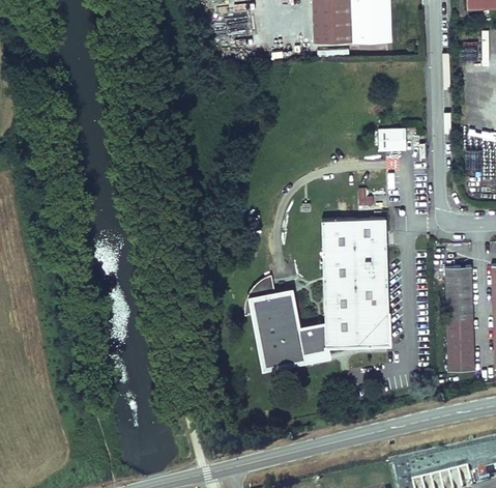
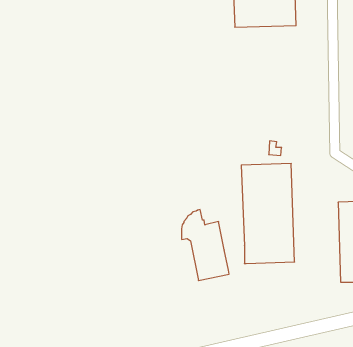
building: [378,130,406,151] -> none
building: [299,324,327,355] -> none

